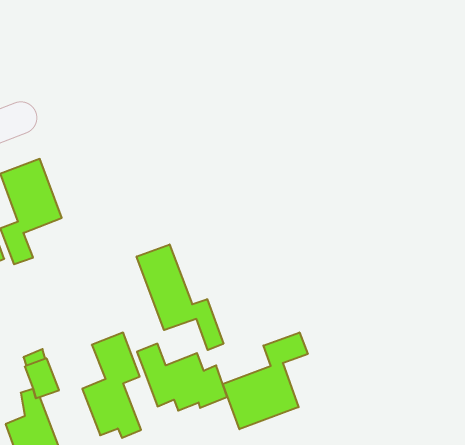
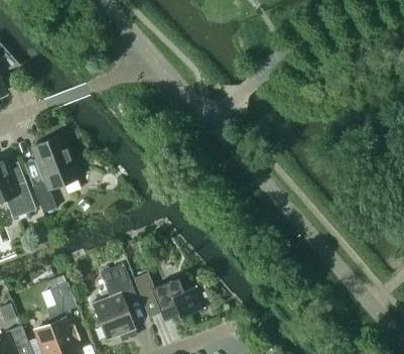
building: [137,244,223,350] -> none
building: [223,332,308,429] -> none

